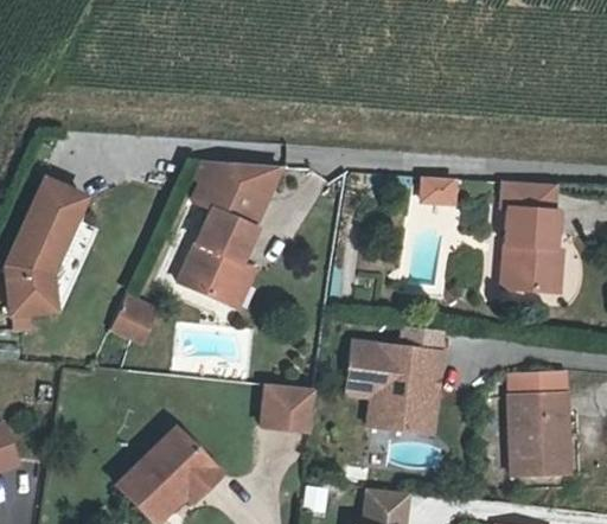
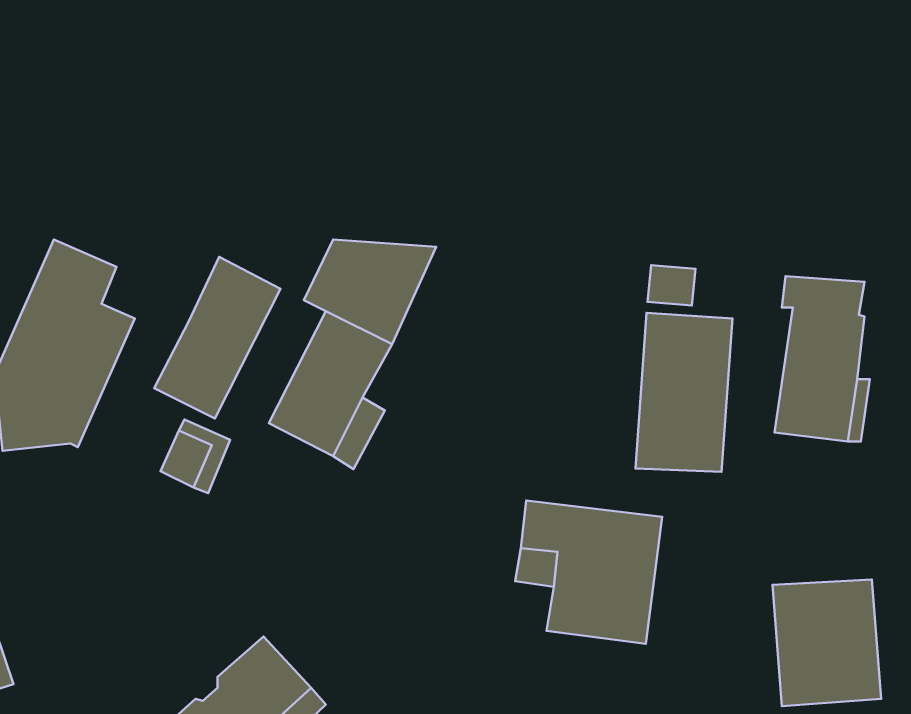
building: none -> [154,257,281,419]
building: none -> [636,313,732,472]
building: [257,377,311,426] -> none

